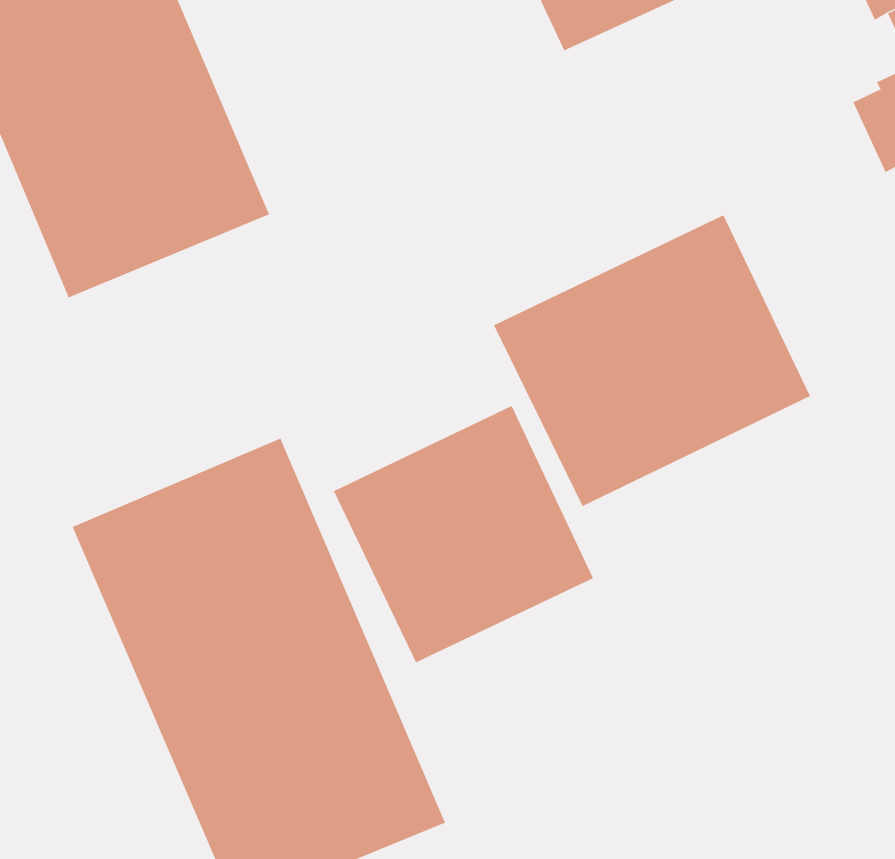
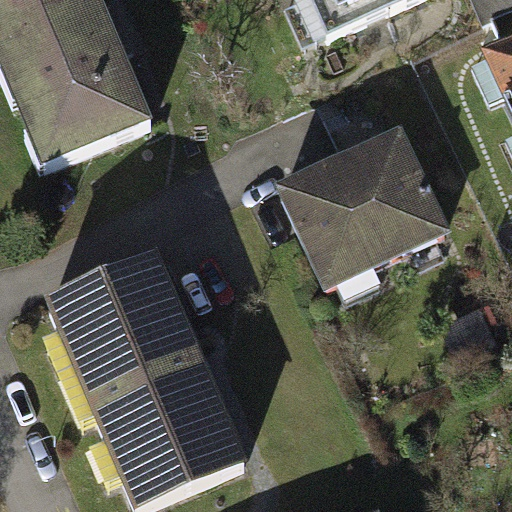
building: [333,405,594,663] -> none

